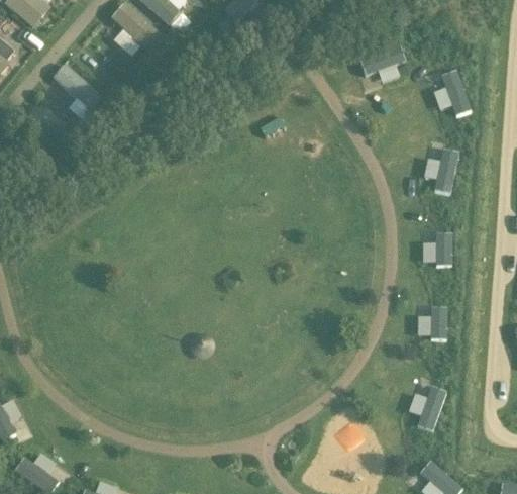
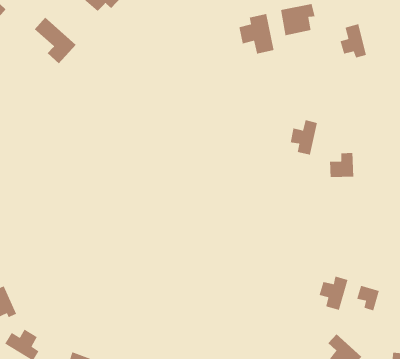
building: none -> [239,13,274,54]
building: [423,147,458,193] -> [290,119,318,156]
building: [416,306,446,337] -> none
building: none -> [356,285,380,311]

